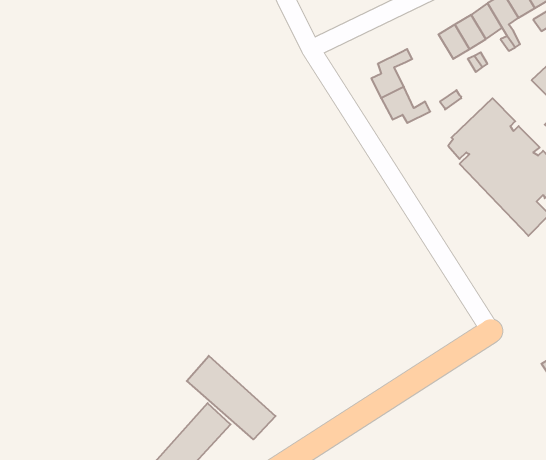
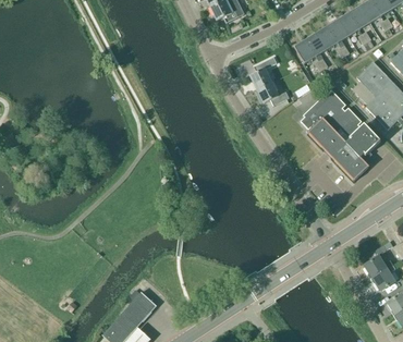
building: [187,356,276,439] -> none

